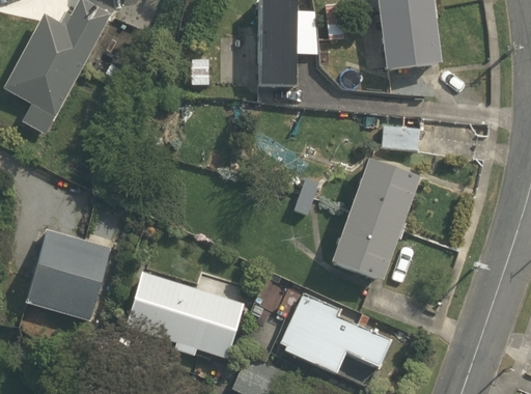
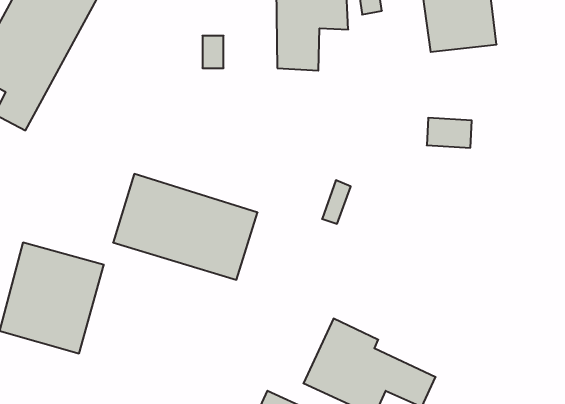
building: [331,160,418,281] -> none
building: [124,270,245,358] -> [113,174,258,280]

